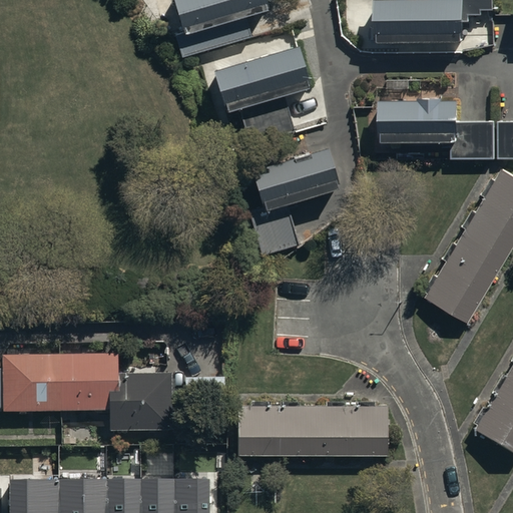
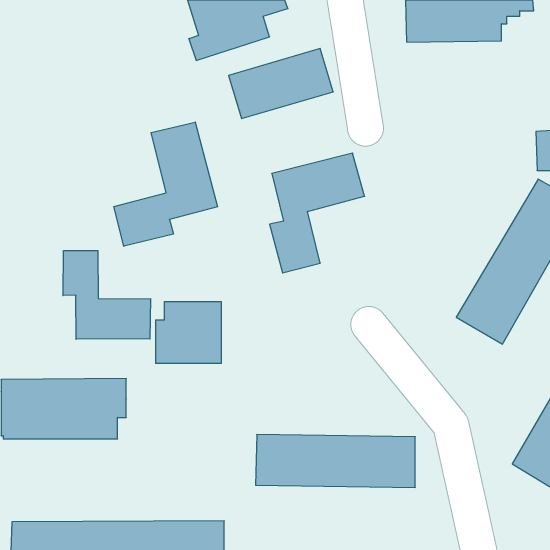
building: [383,95,497,160] -> none
building: none -> [114,122,217,246]
building: none -> [63,251,151,339]
building: [110,372,171,429] -> [156,302,221,363]

